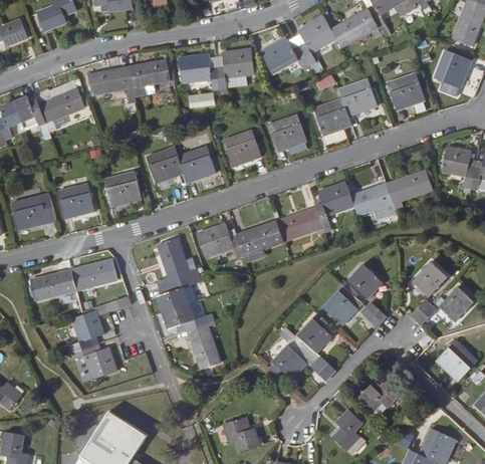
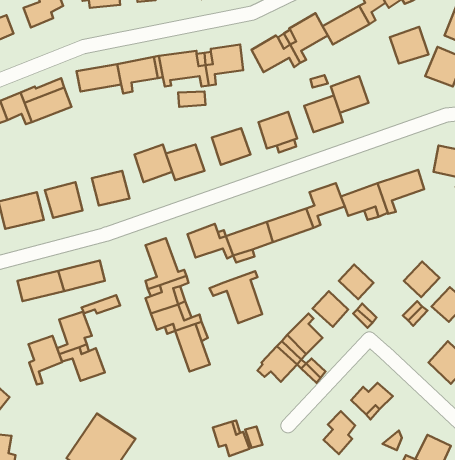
building: [386,72,424,108] -> [390,27,428,64]
building: none -> [210,271,262,323]
building: none -> [28,336,62,384]

